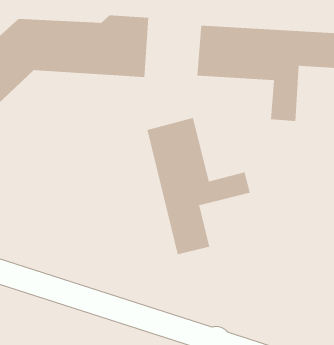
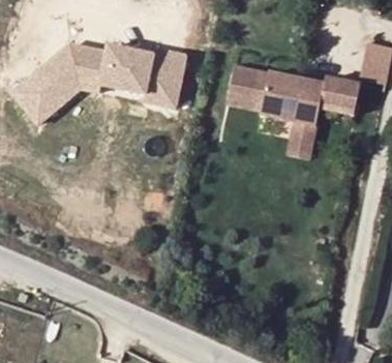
building: [147,117,251,255] -> none

